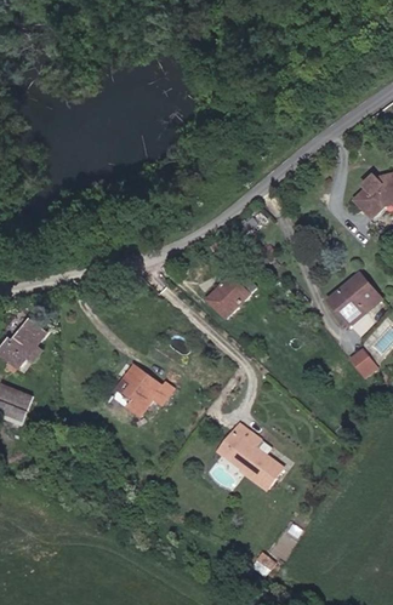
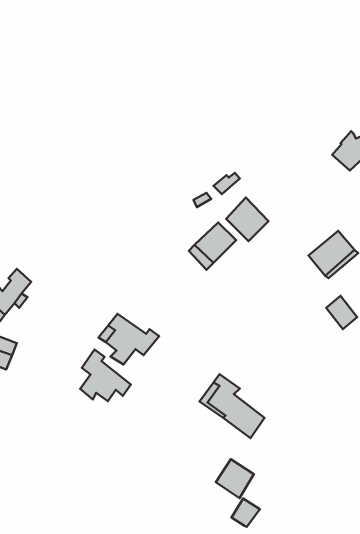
building: none -> [226,198,269,241]
building: none -> [80,349,131,401]
building: none -> [216,459,254,498]

